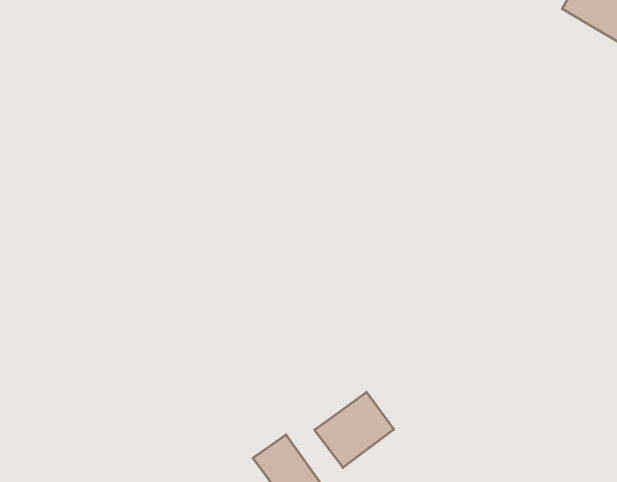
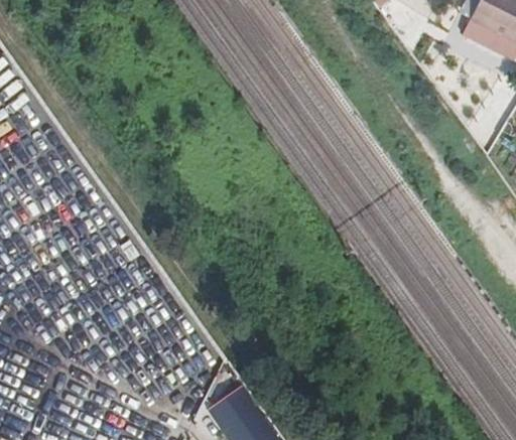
building: [315,392,394,468] -> none

